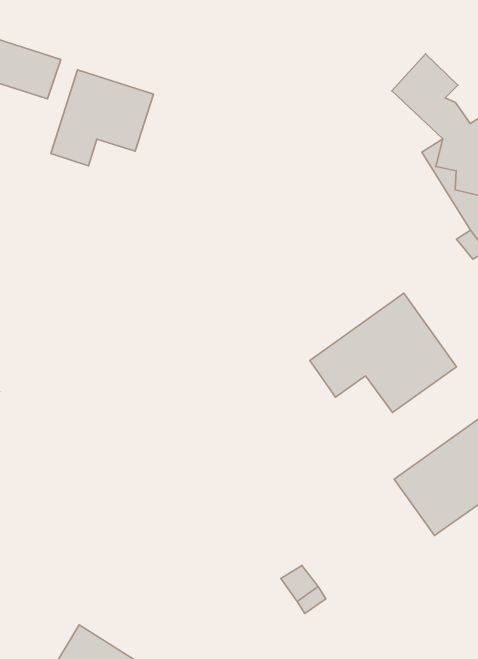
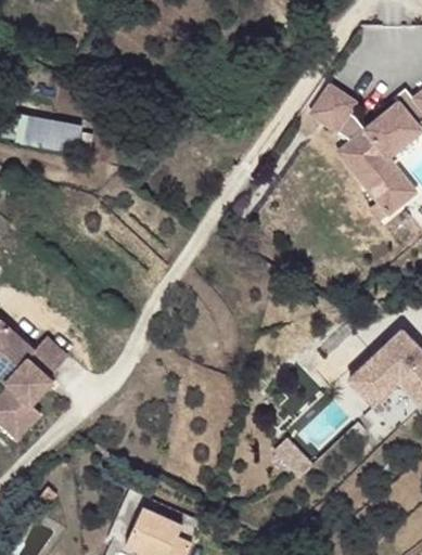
building: [51,70,153,166] -> none
building: [310,293,457,413] -> none

